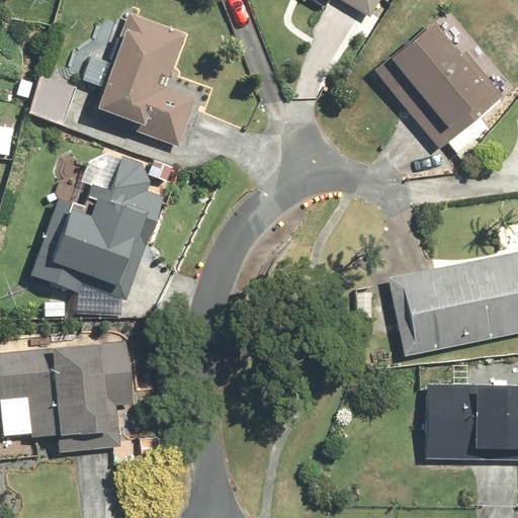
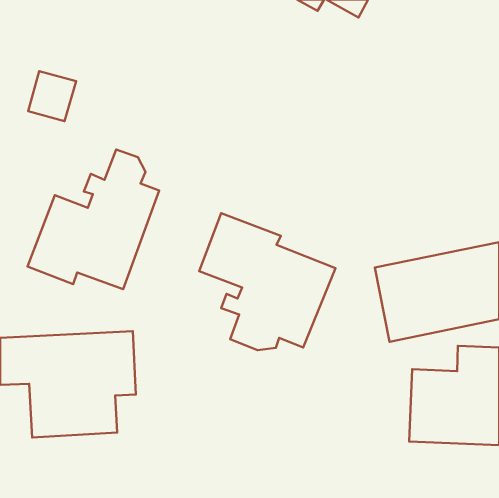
building: [96,13,197,145] -> none
building: [374,24,503,154] -> none
building: none -> [199,213,335,350]

